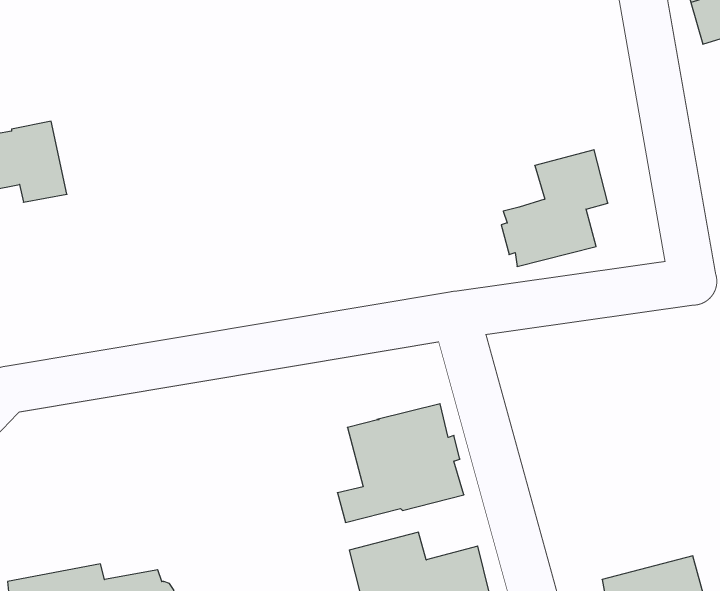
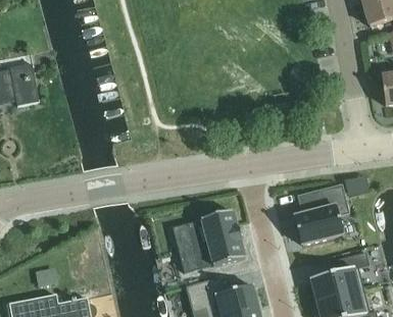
building: [501,150,608,266] -> [293,184,348,245]
building: none -> [310,252,369,302]

